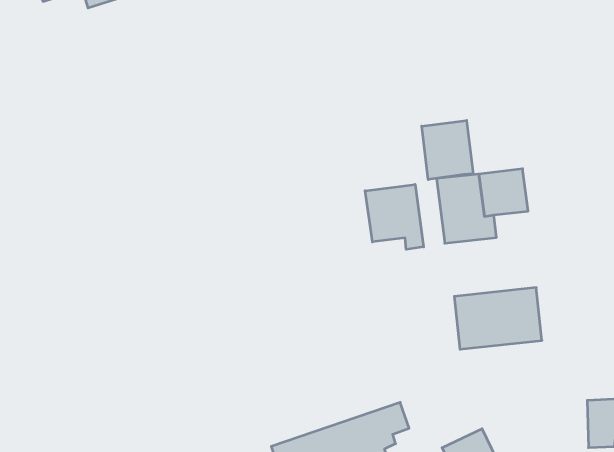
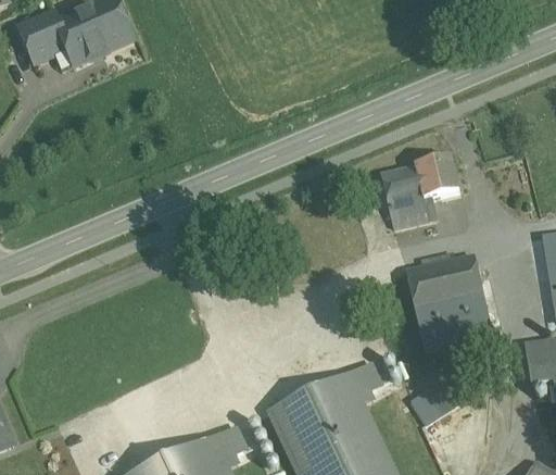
building: [422,120,473,180] -> none
building: [365,184,424,249] -> none
building: none -> [416,297,496,354]

